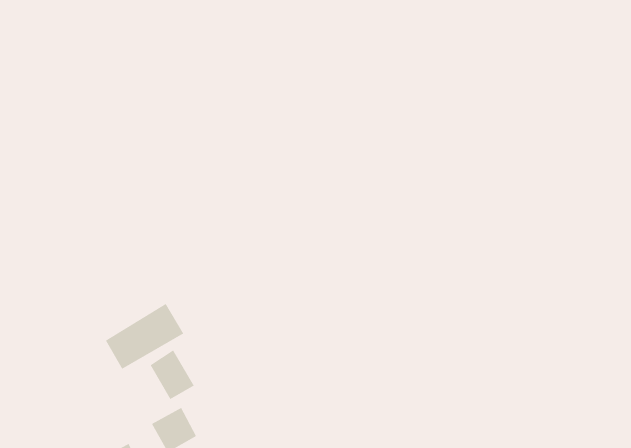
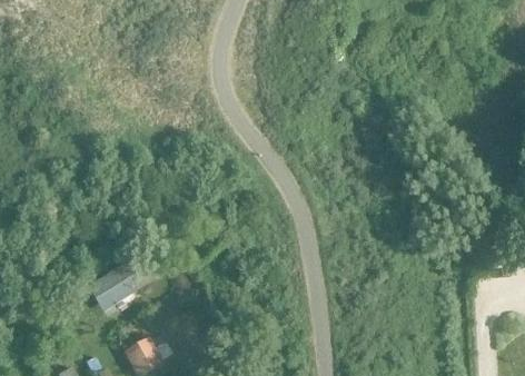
building: [150,350,195,400] -> none

